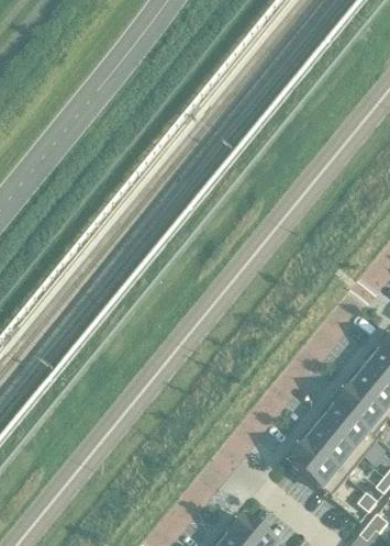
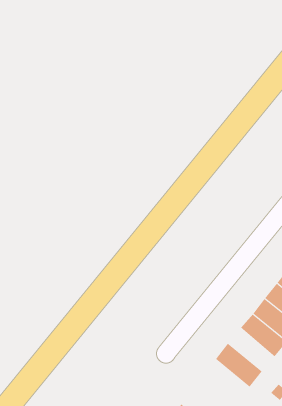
building: [303,421,361,475] -> none

